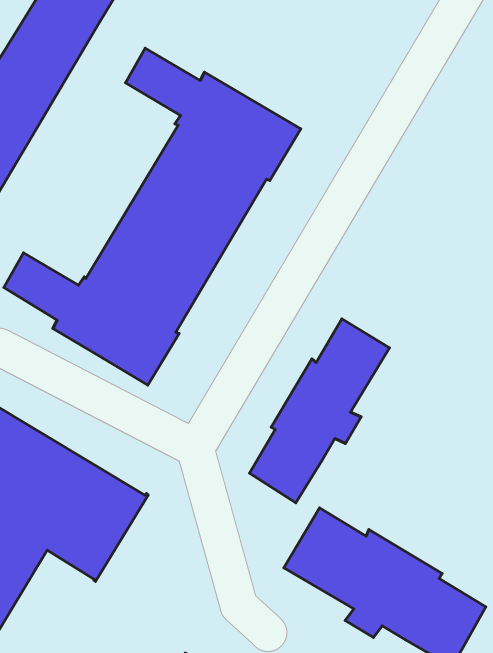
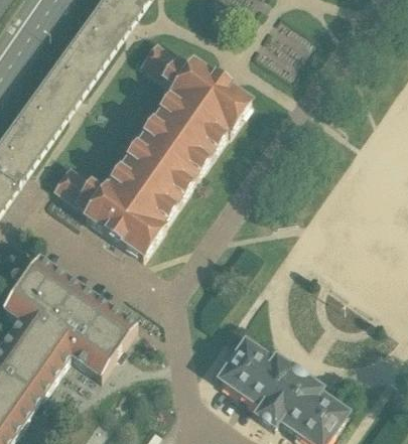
building: [249,319,389,503] -> none

